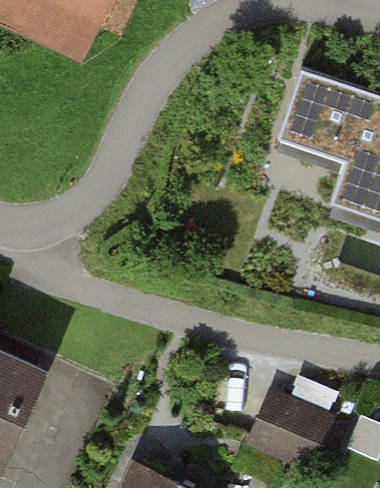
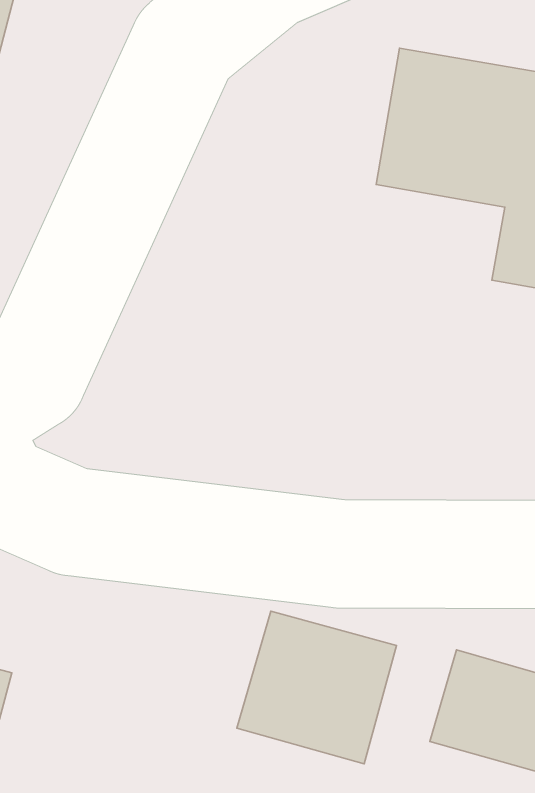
building: none -> [237,611,396,764]

